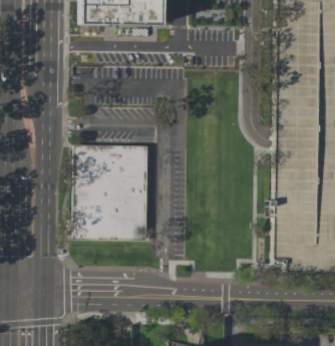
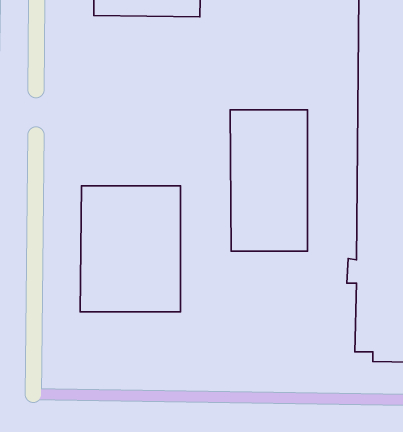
building: none -> [230,110,307,251]

